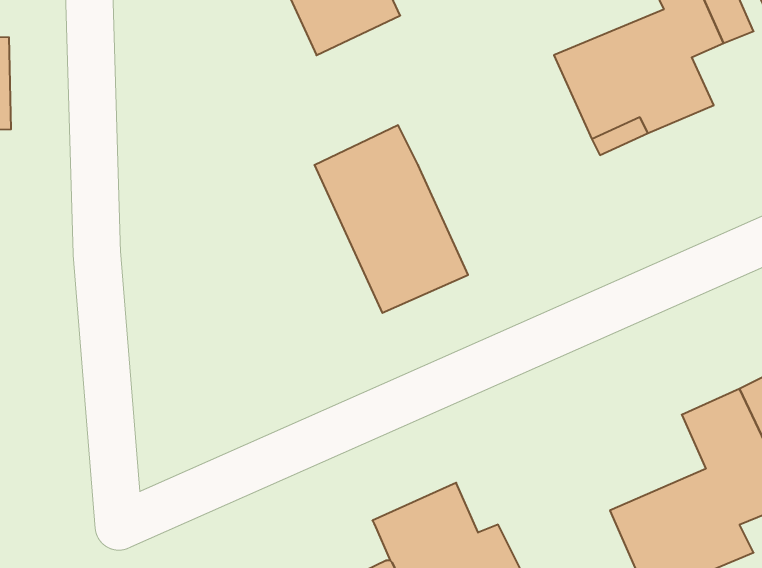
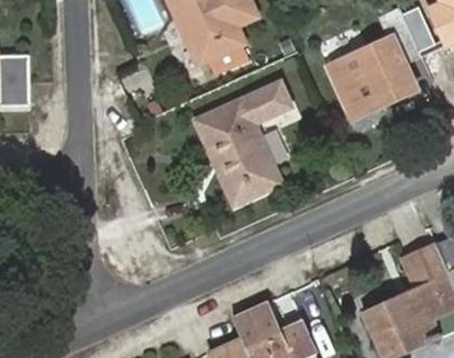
building: none -> [243,83,292,123]

